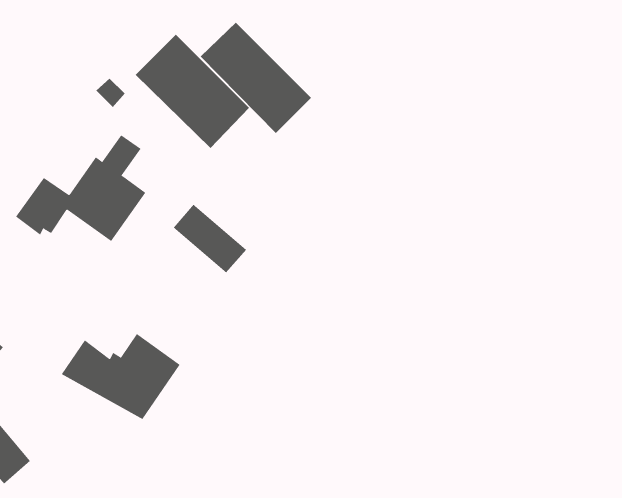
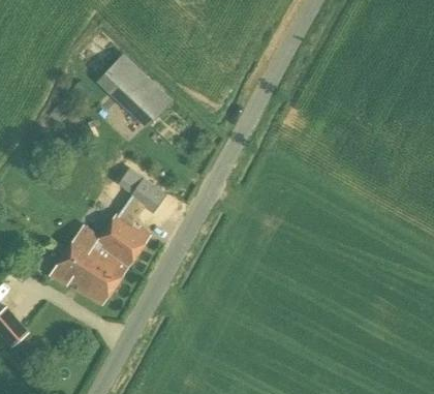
building: [200,22,312,134] -> none
building: [15,135,146,242] -> [63,200,149,270]

